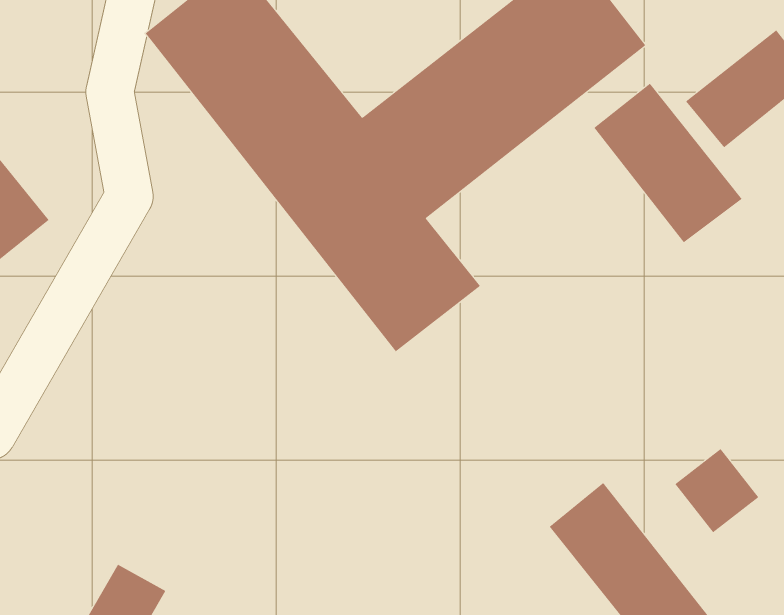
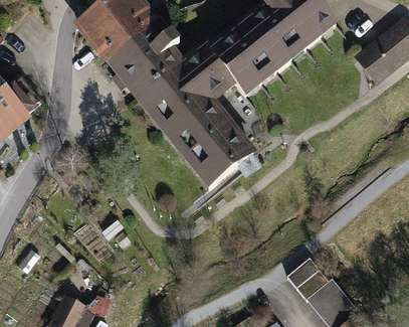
building: [594,83,743,243] -> none
building: [674,448,759,533] -> none

